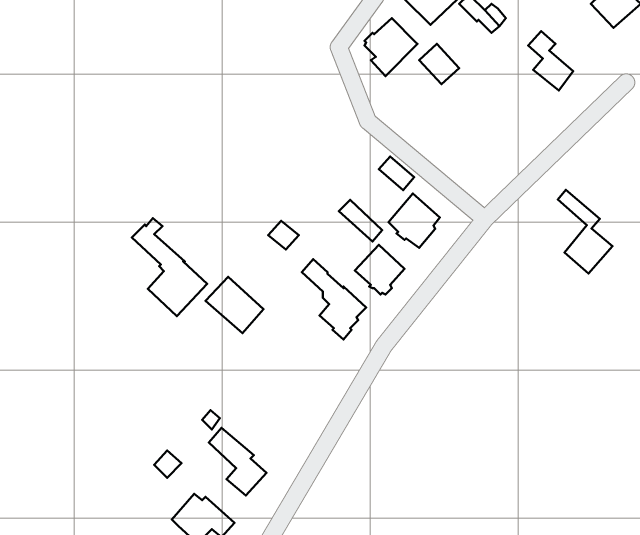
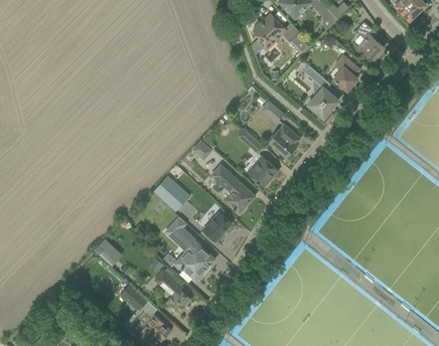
building: none -> [333,54,359,90]
building: [558,190,613,273] -> [304,64,338,117]
building: [132,218,207,316] -> [167,217,214,279]
building: none -> [203,211,232,240]
building: none -> [94,238,121,266]

